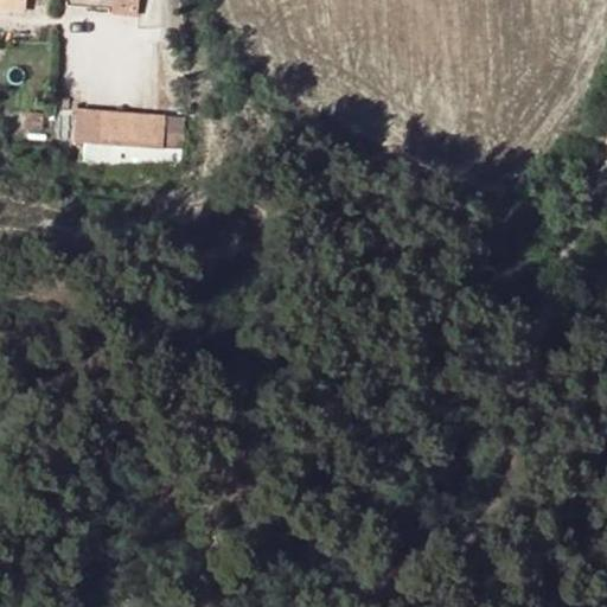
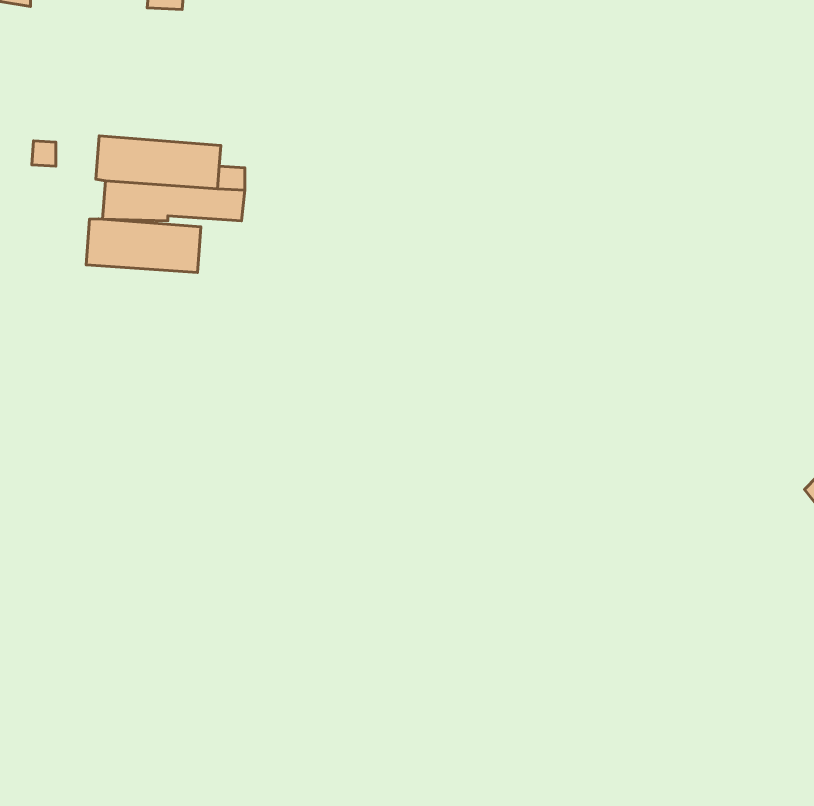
building: none -> [86,219,201,273]

